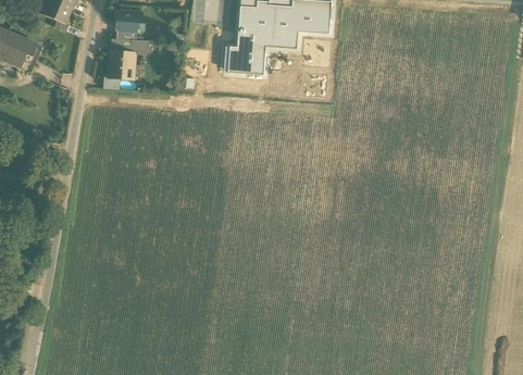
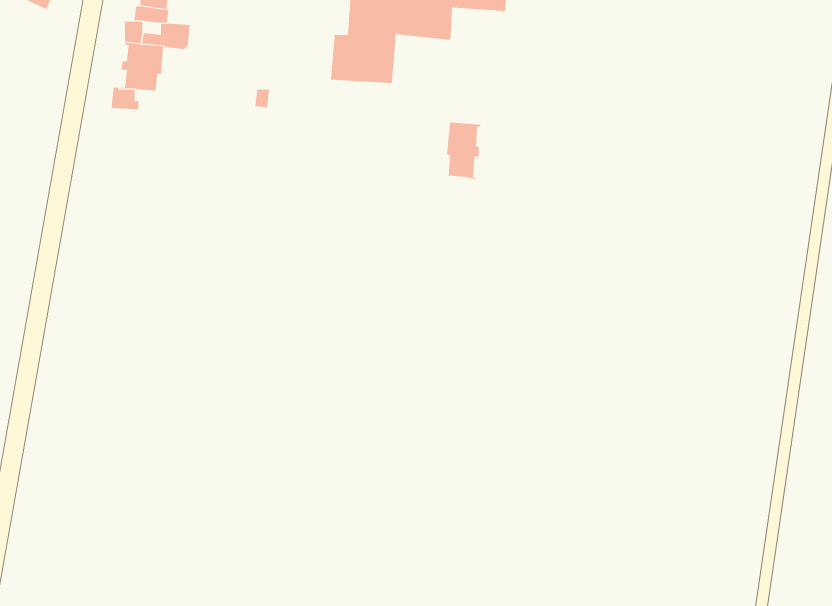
building: none -> [447,122,481,180]

